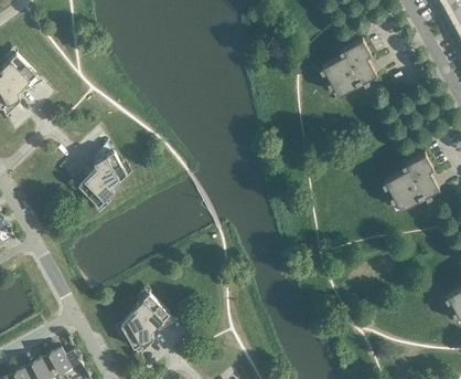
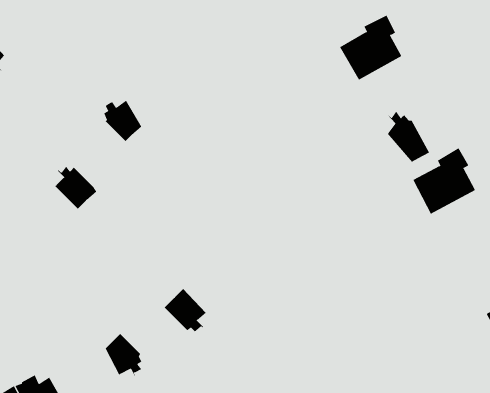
building: none -> [387,111,430,162]
building: [94,149,127,186] -> [104,99,142,142]
building: [132,292,169,329] -> [164,288,206,332]

